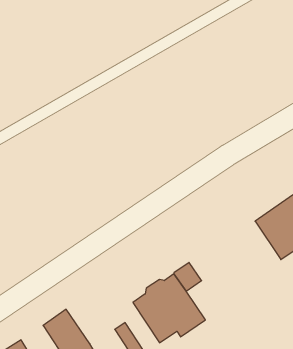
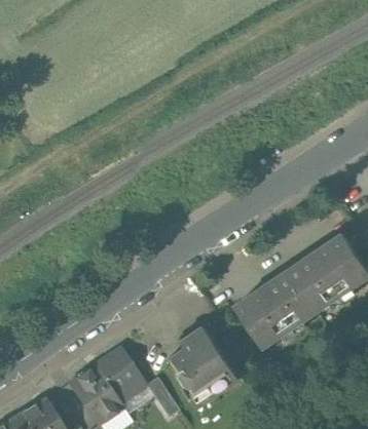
building: none -> [241,269,322,346]
building: none -> [90,345,142,400]

